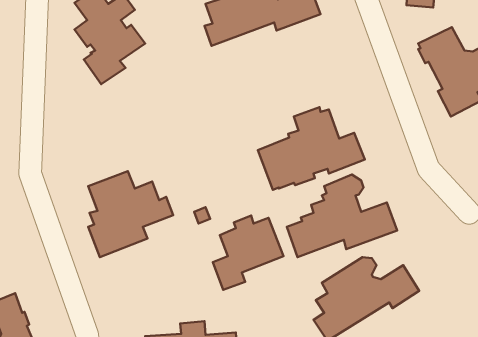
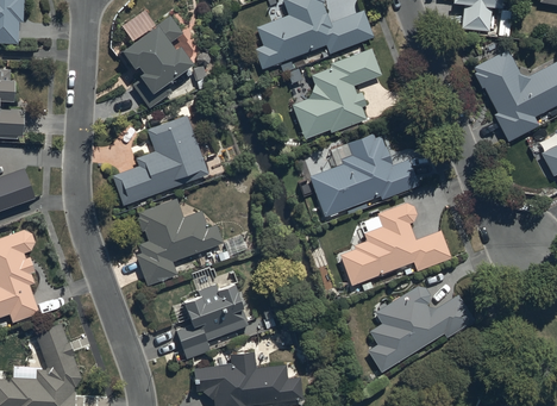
building: none -> [292,48,381,137]
building: none -> [112,113,209,206]
building: [213,216,284,290] -> [176,282,249,358]

